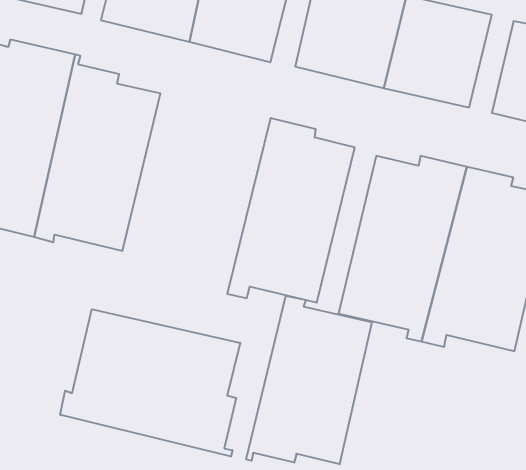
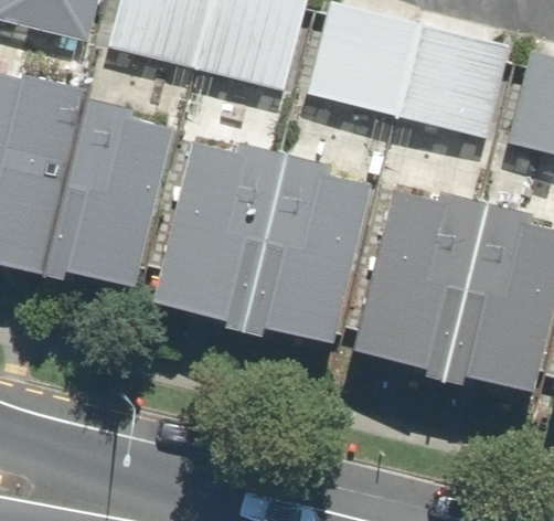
building: none -> [151,139,284,330]
building: [246,296,372,464] -> none
building: [60,309,240,457] -> none

